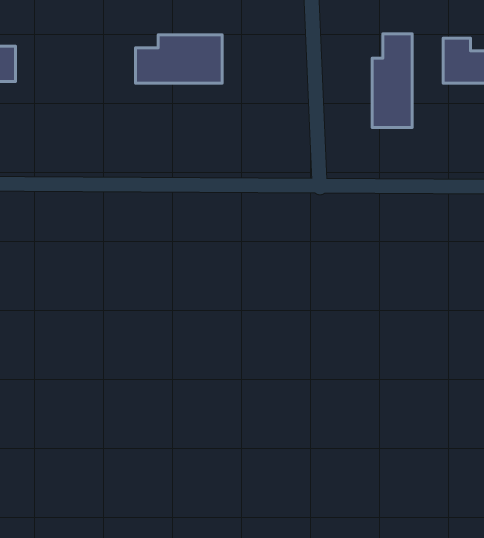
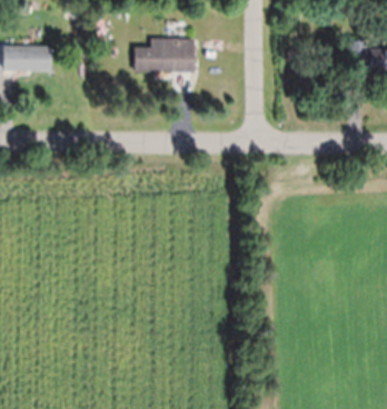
building: [372,34,412,127] -> none

